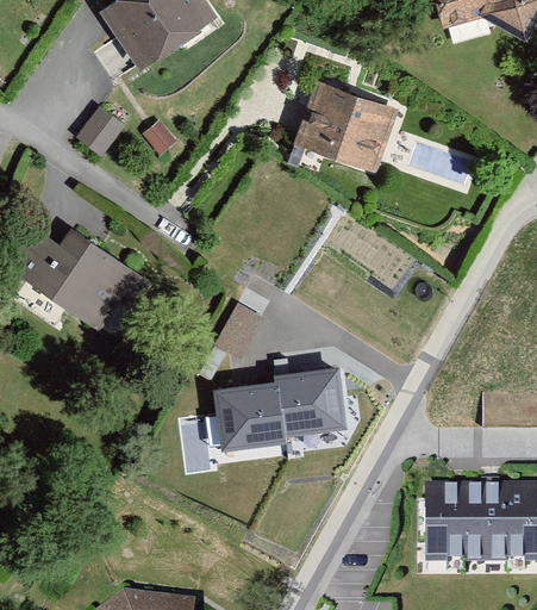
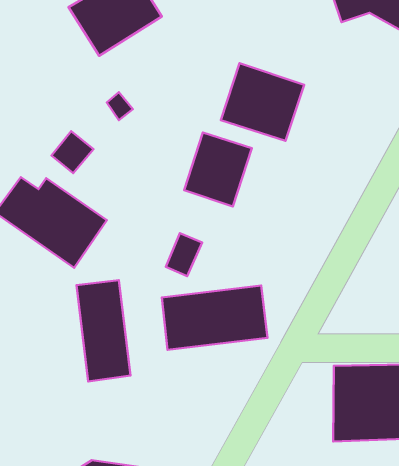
building: [76,107,130,161] -> [52,131,94,173]
building: none -> [184,133,252,207]
building: none -> [76,280,130,381]

